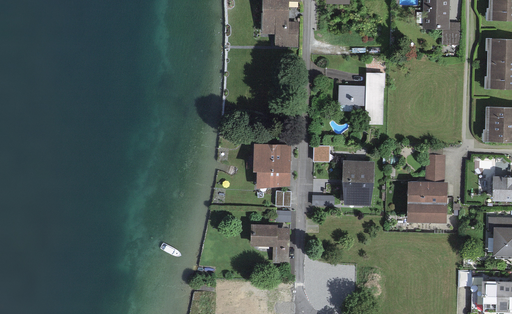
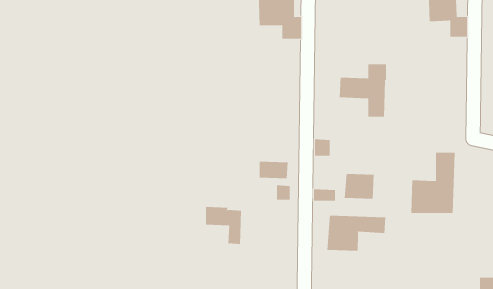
building: [254,143,287,166] -> none
building: [343,159,372,178] -> none
building: none -> [327,215,386,252]
building: [251,223,287,260] -> [205,206,242,244]

